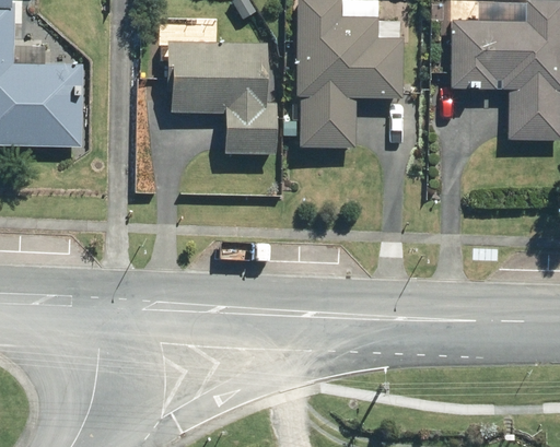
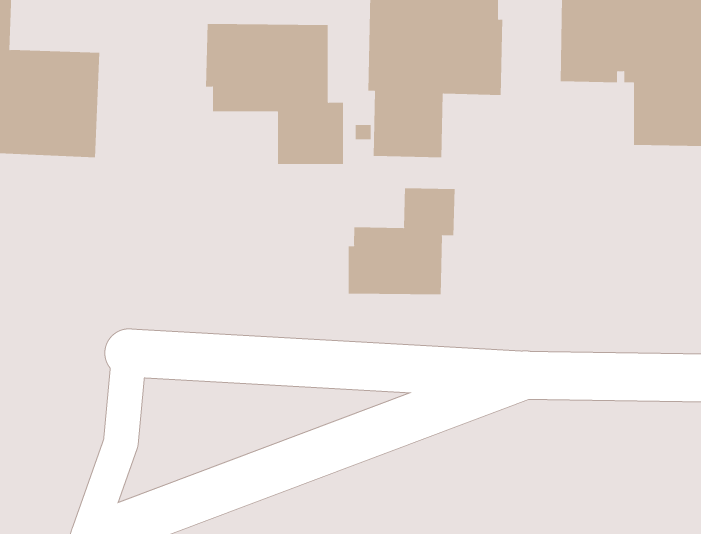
building: none -> [348,187,455,295]

